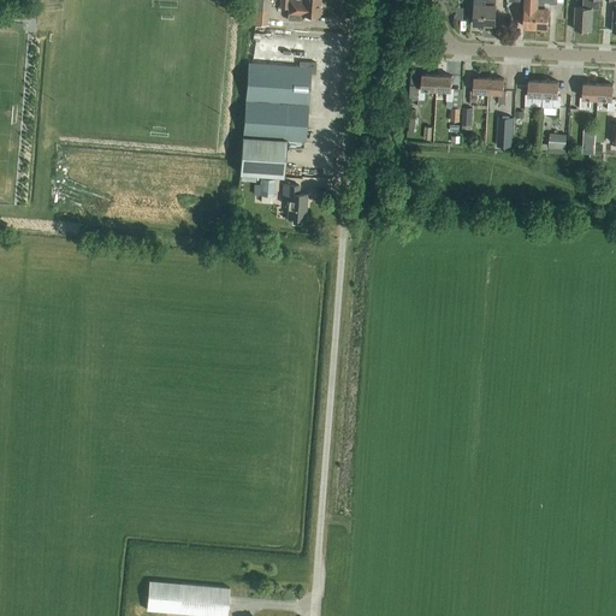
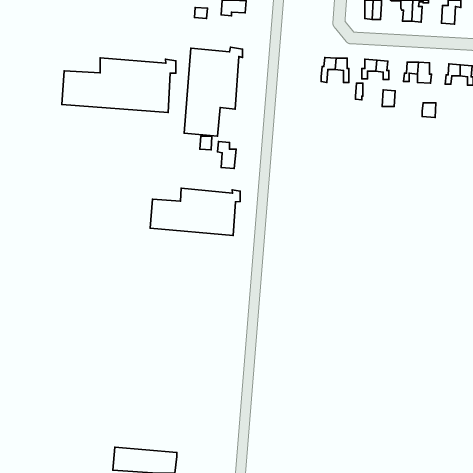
building: none -> [62,58,176,113]
building: none -> [150,188,240,236]

